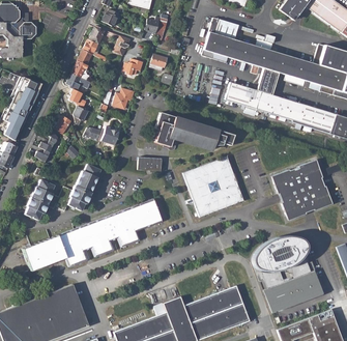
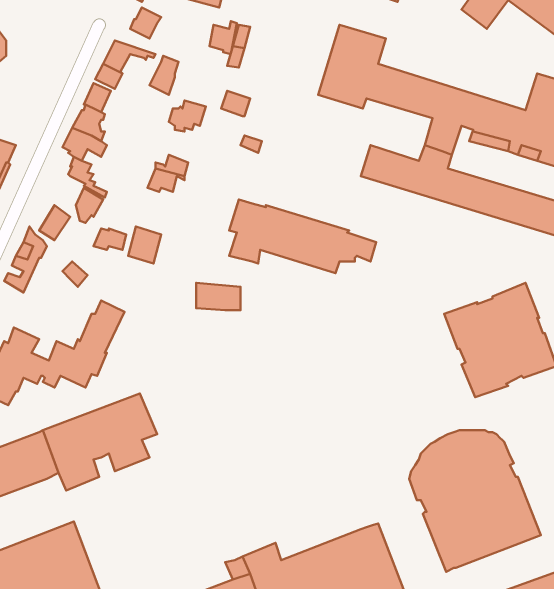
building: [181,154,242,217] -> none
building: [108,198,161,247] -> none

